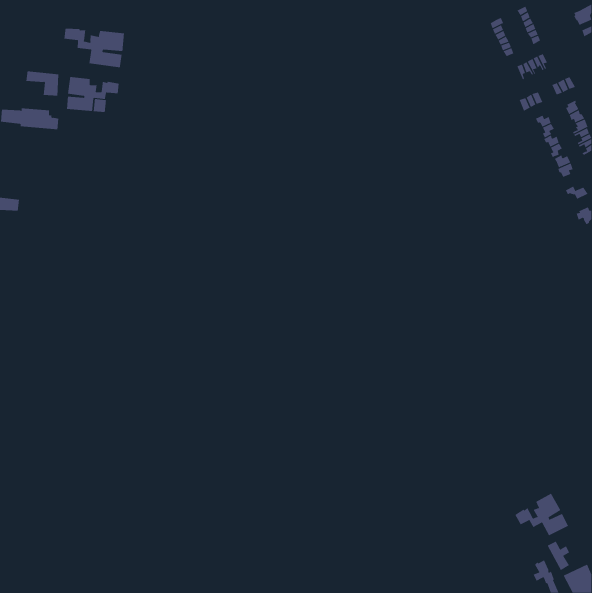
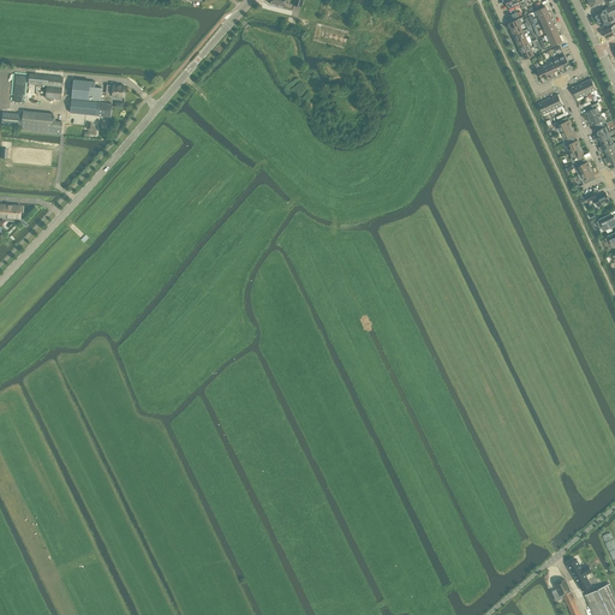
building: [64,28,124,68] -> none
building: [515,493,569,536] -> none

